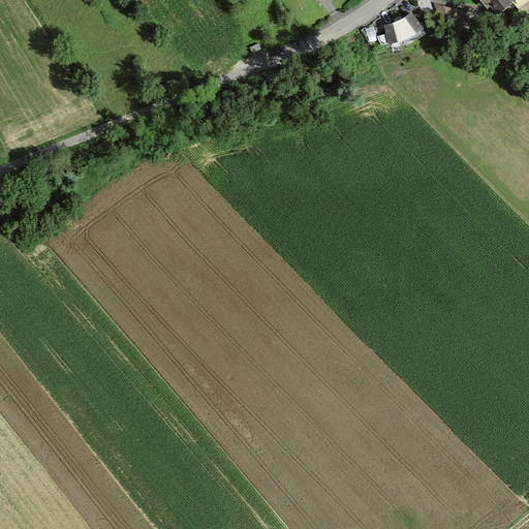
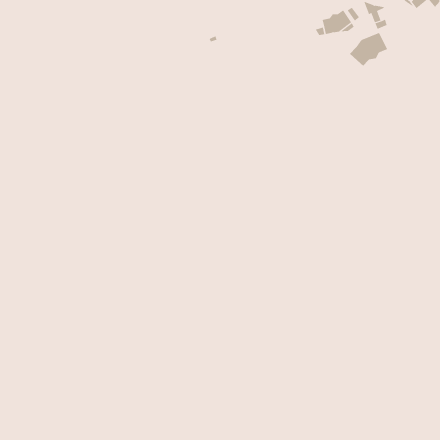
building: none -> [349,32,388,67]

